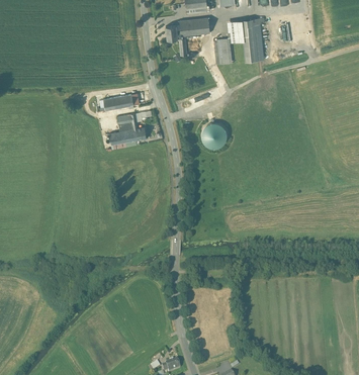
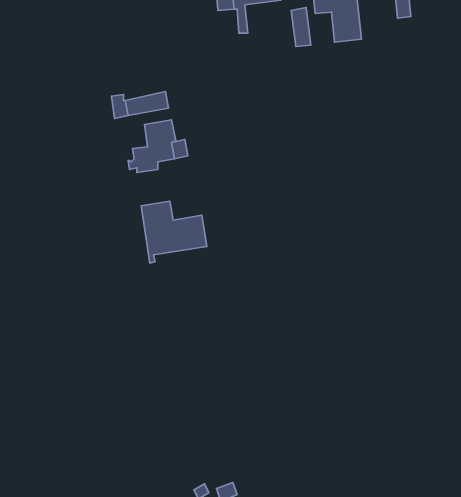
building: [201,122,227,148] -> none
building: none -> [141,201,207,263]

